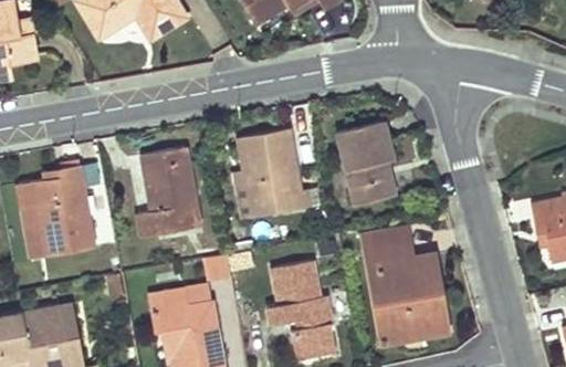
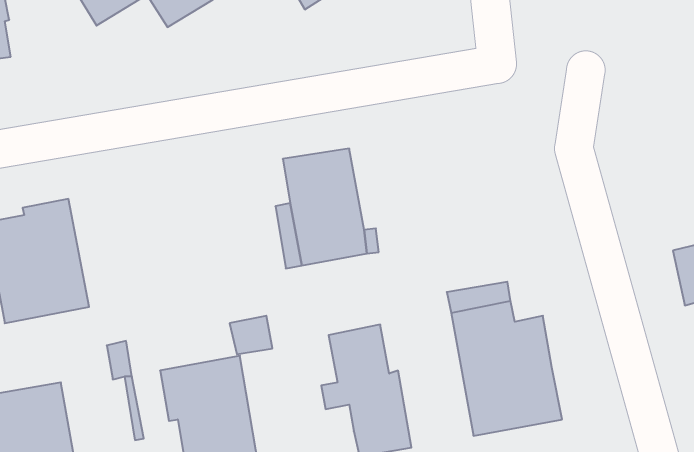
building: [337,122,392,203] -> none
building: [138,146,199,235] -> none

